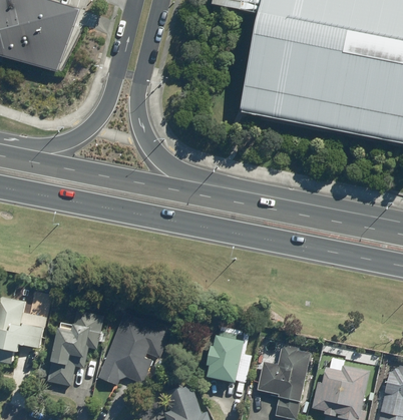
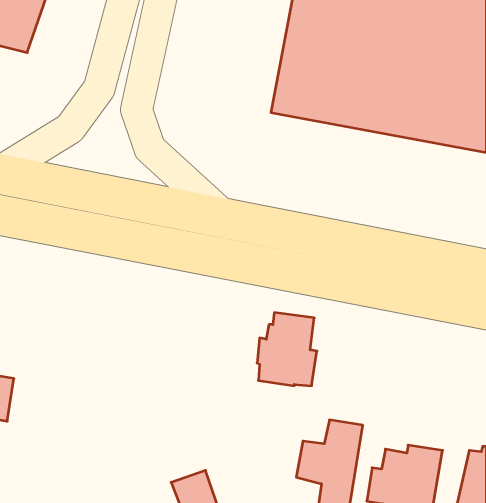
building: [48,310,101,382] -> none
building: [99,310,171,385] -> none
building: [207,326,252,381] -> [257,313,317,386]

